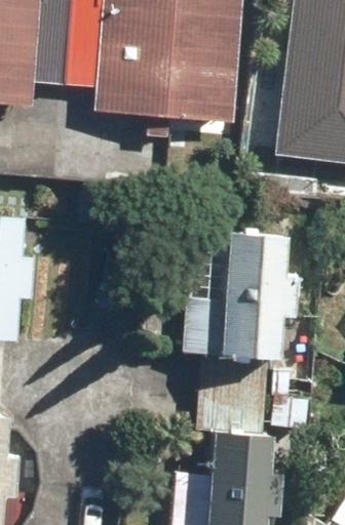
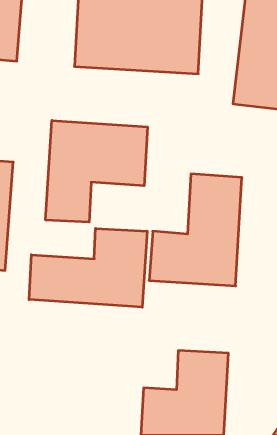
building: none -> [46,120,147,222]
building: none -> [29,228,147,307]

